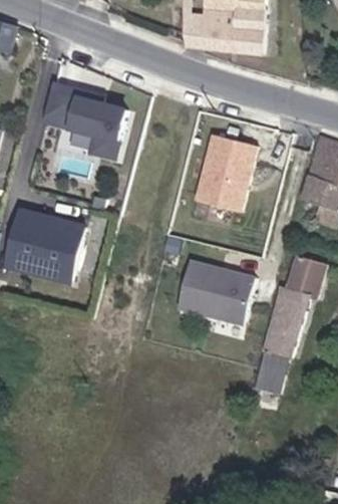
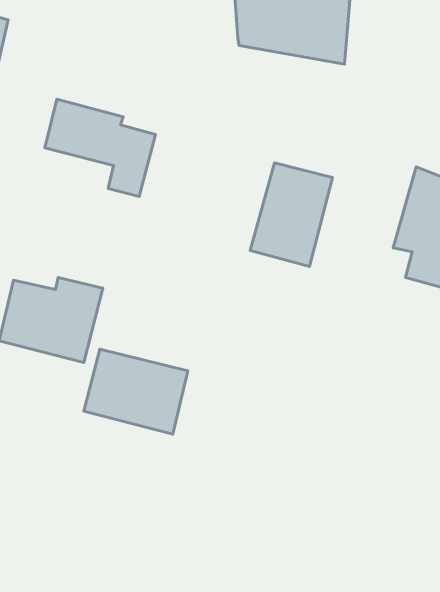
building: [257,254,325,392] -> none
building: [176,260,253,323] -> [84,349,188,434]

